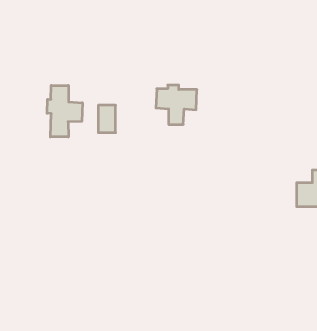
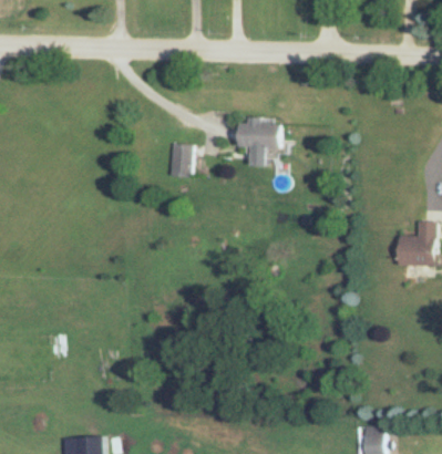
building: [47,85,82,137] -> none

